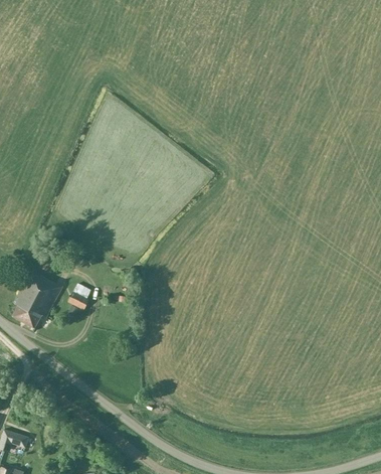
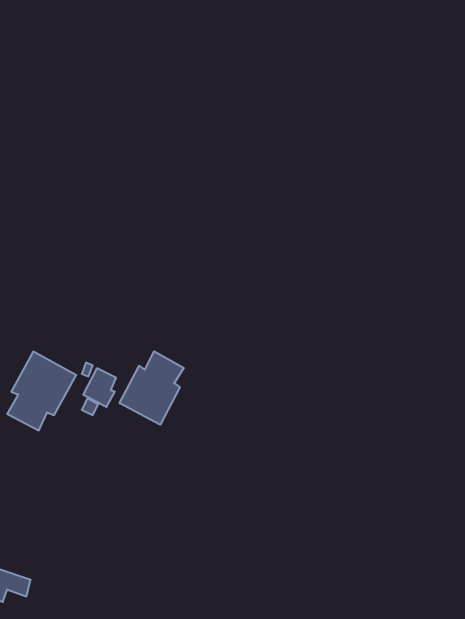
building: none -> [120,351,184,425]

